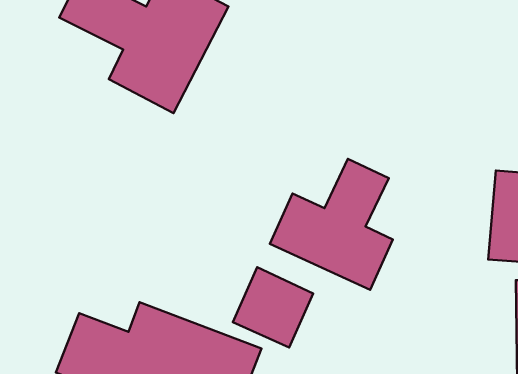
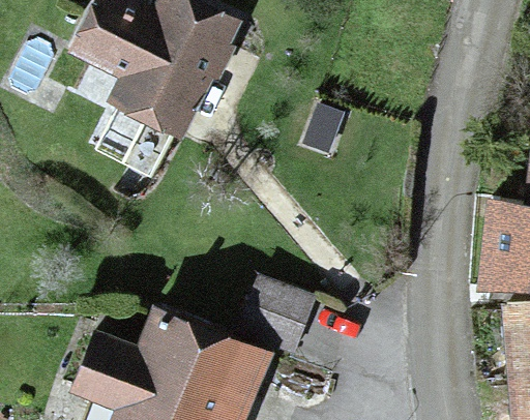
building: [270,159,393,290] -> none

